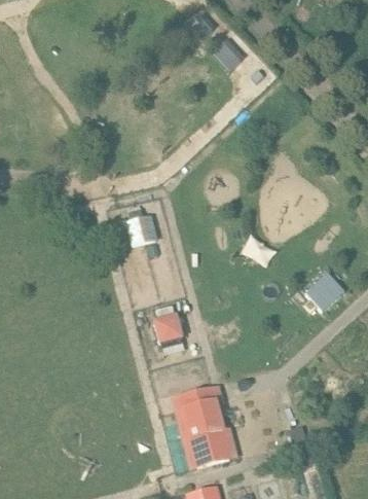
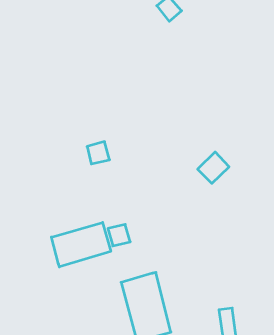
building: [306,274,345,313] -> [198,152,229,183]
building: none -> [51,222,111,267]

